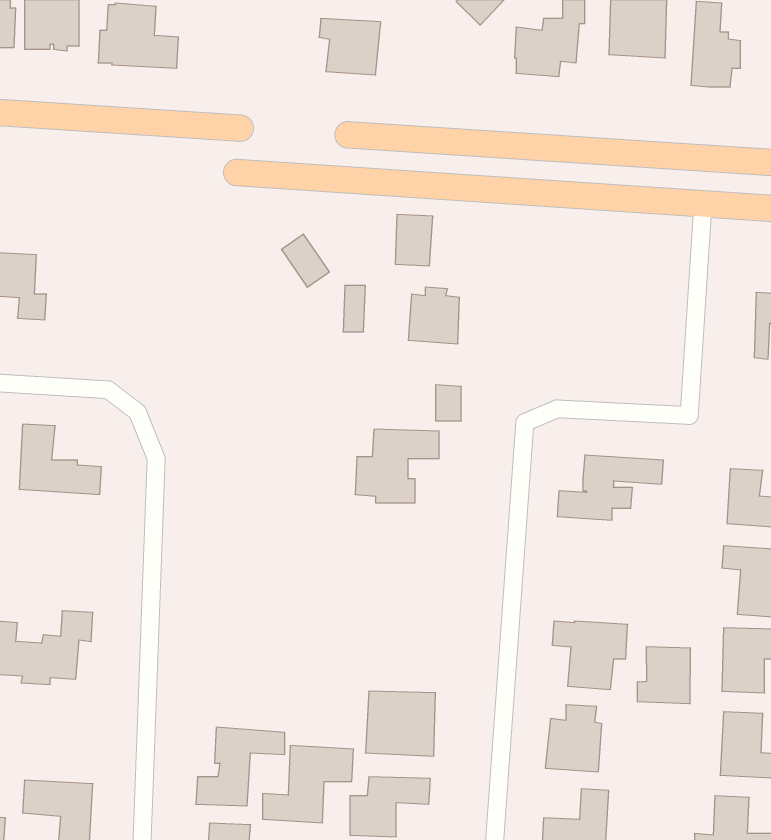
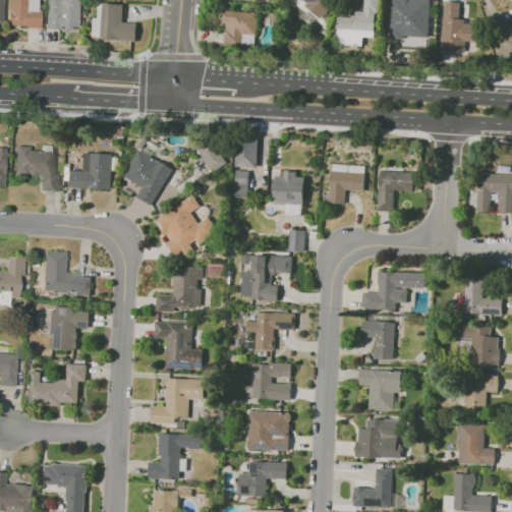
building: [395,214,433,266] -> [235,136,258,167]
building: none -> [123,150,172,206]
building: none -> [68,153,112,188]
building: none -> [329,164,365,203]
building: none -> [378,170,414,210]
building: none -> [157,195,217,255]
building: none -> [155,266,203,312]
building: none -> [47,305,87,352]
building: none -> [245,311,294,349]
building: none -> [361,320,396,358]
building: none -> [154,321,202,369]
building: none -> [251,361,291,400]
building: [637,647,690,704] -> none
building: [263,746,353,823] -> [151,378,205,423]

